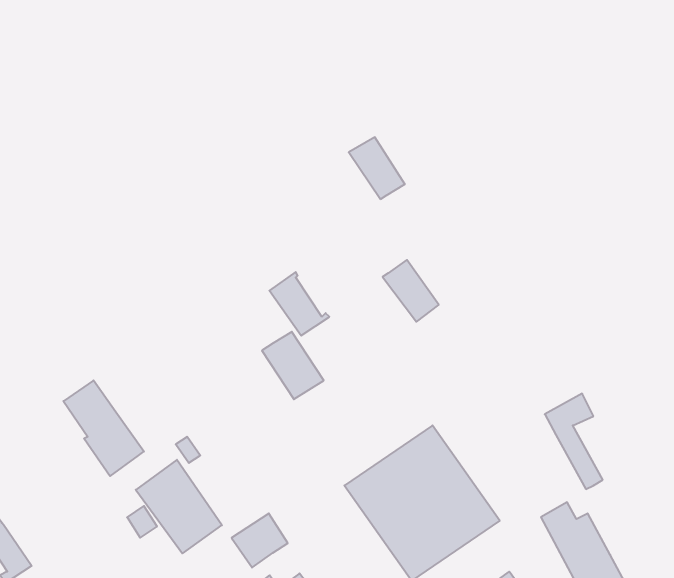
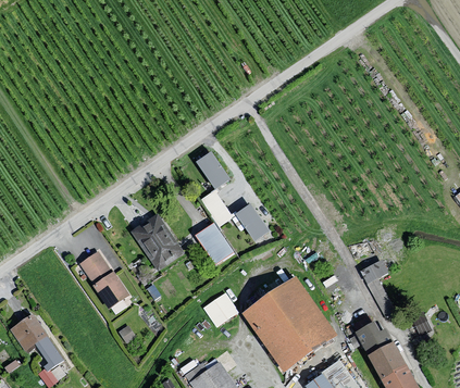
building: [349,137,405,199] -> [196,151,228,187]
building: [383,260,439,322] -> [235,203,268,239]
building: [136,460,222,553] -> [132,214,182,268]
building: [232,513,288,568] -> [203,293,236,325]

